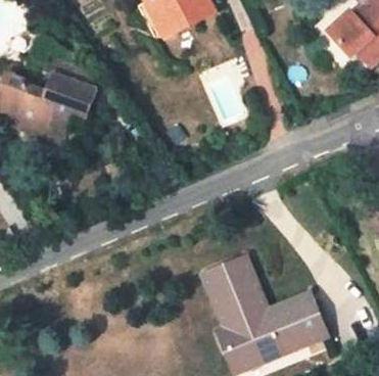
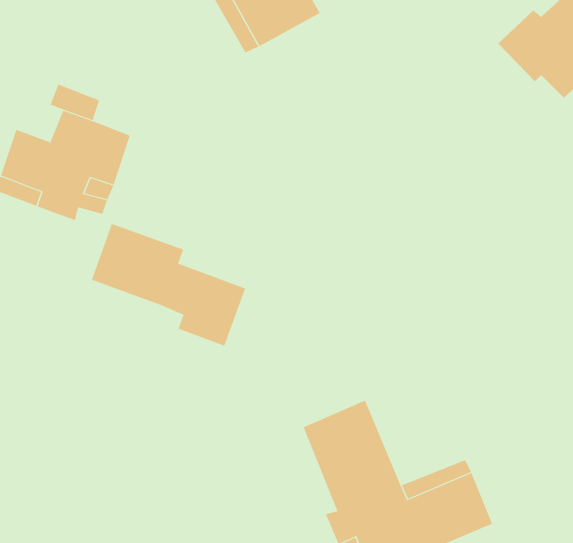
building: none -> [91,223,246,347]

